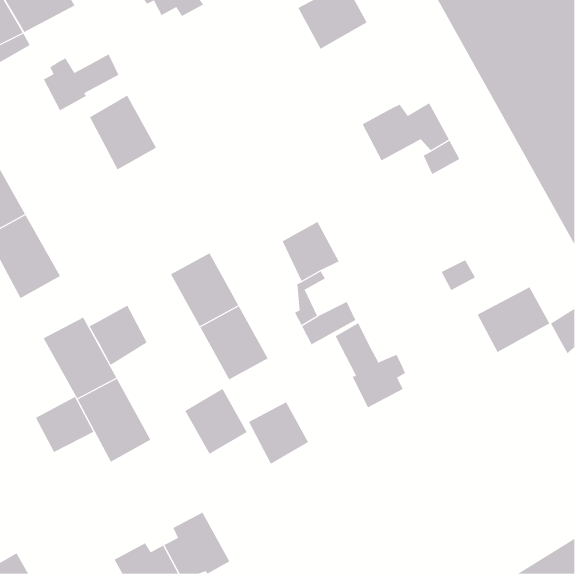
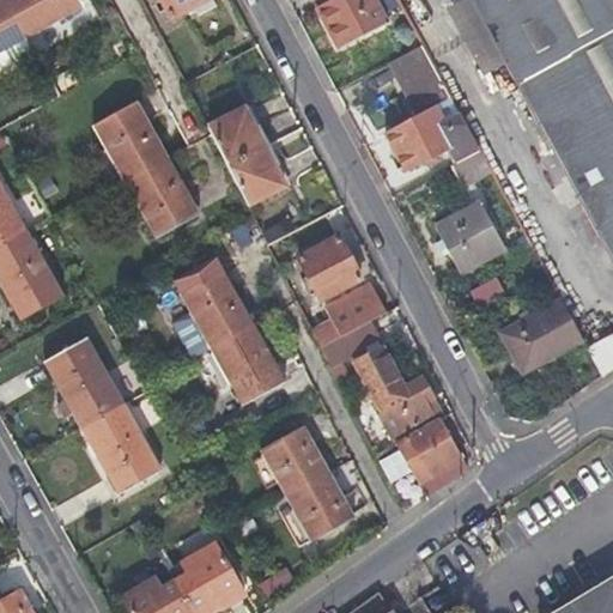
building: none -> [392,45,449,115]
building: [43,54,119,111] -> none
building: none -> [207,107,285,205]
building: none -> [125,157,198,236]
building: none -> [436,200,500,267]
building: none -> [324,284,384,335]
building: [89,305,147,366] -> none
building: [185,388,248,455] -> [287,469,354,540]
building: none -> [393,420,461,485]
building: [35,396,94,453] -> none

